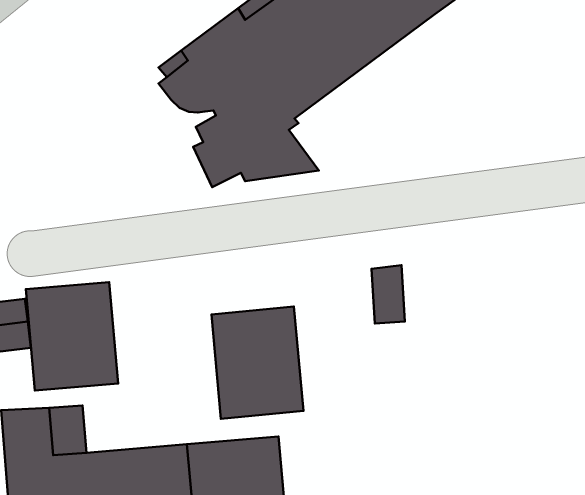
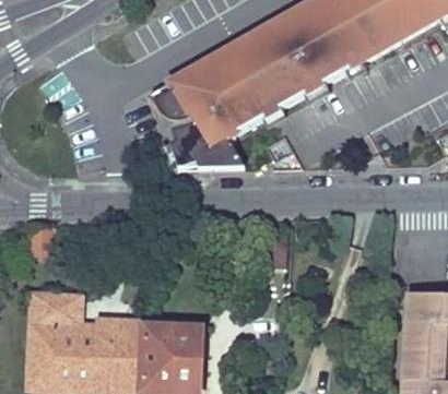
building: [26,282,118,391] -> none
building: [211,307,303,419] -> none

